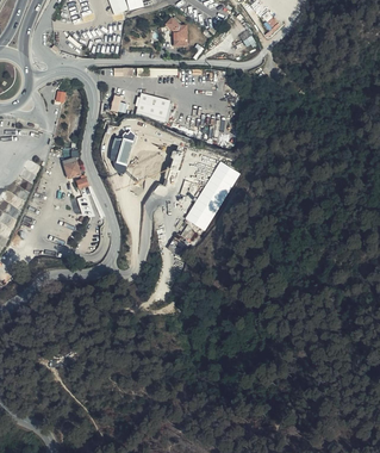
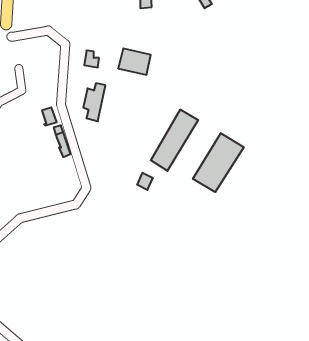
building: none -> [193,133,244,192]

